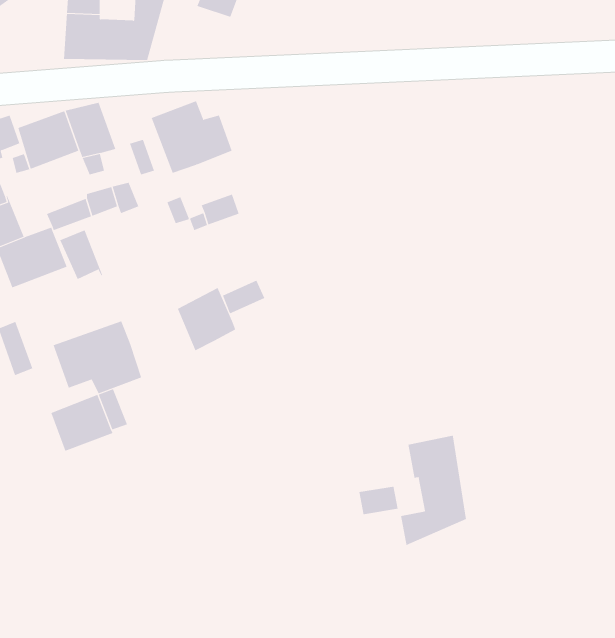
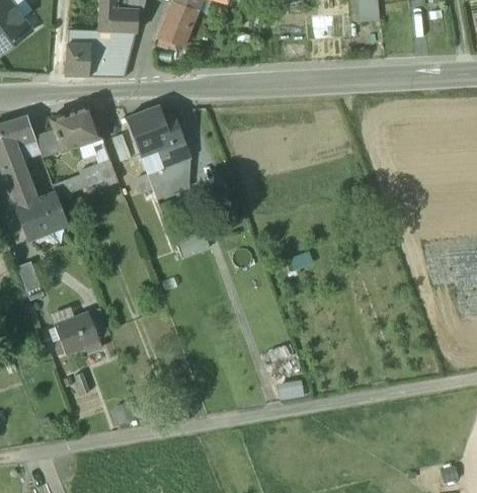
building: none -> [159,141,191,168]
building: [59,230,103,280] -> none
building: [177,287,236,351] -> none
building: [53,320,142,394] -> none
building: [400,435,467,546] -> none

